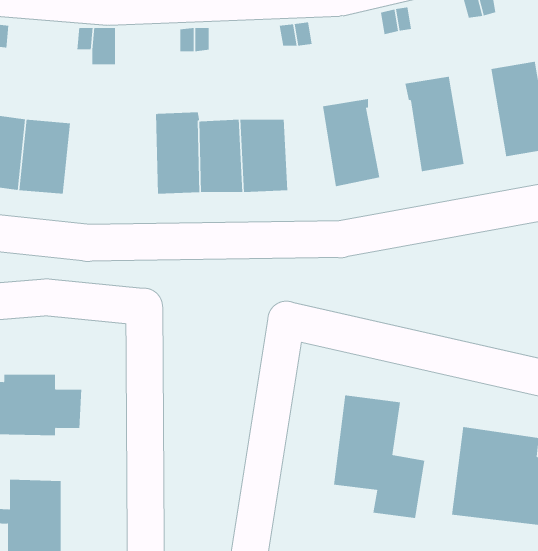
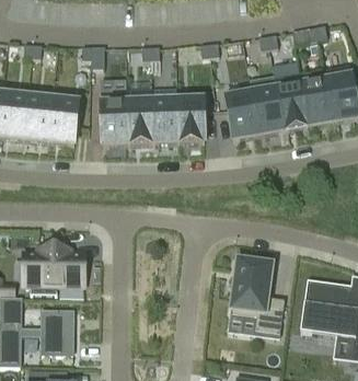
building: none -> [299,69,332,125]
building: none -> [251,88,282,132]
building: none -> [101,90,128,143]

